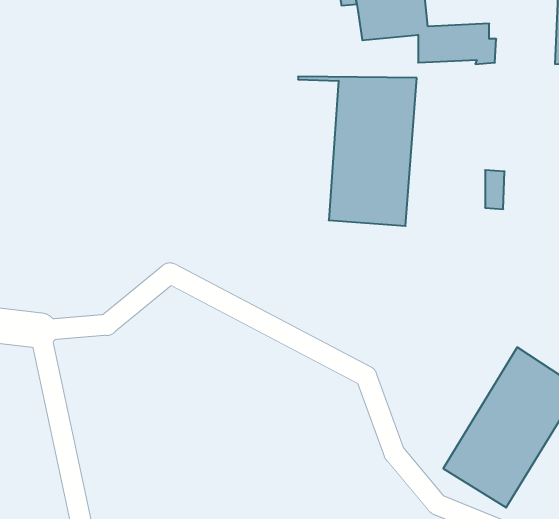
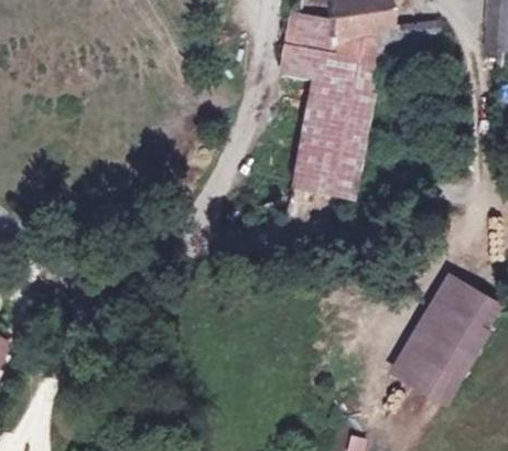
building: none -> [280,12,375,67]

